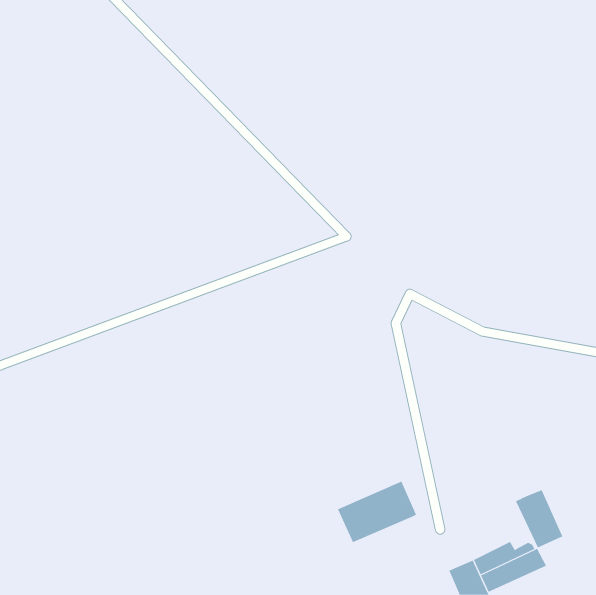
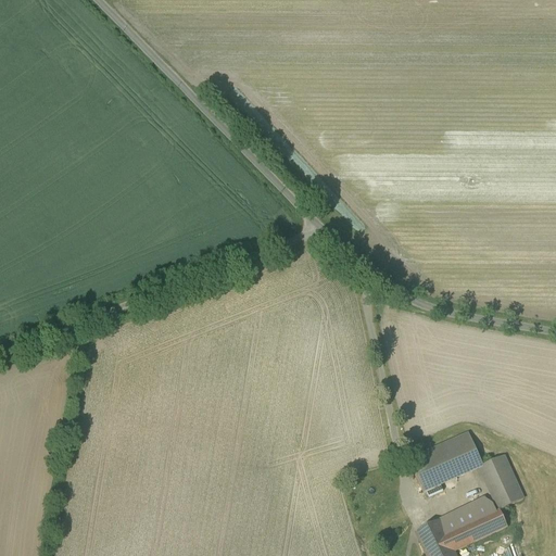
building: [337,481,417,543] -> [410,431,484,489]

